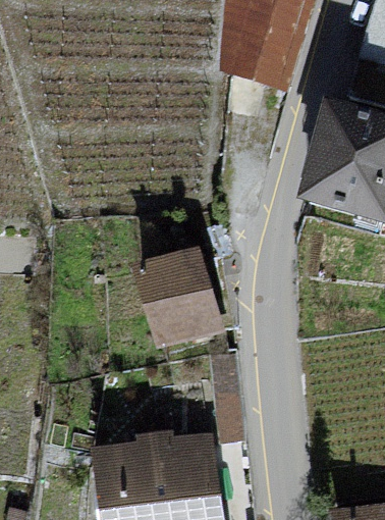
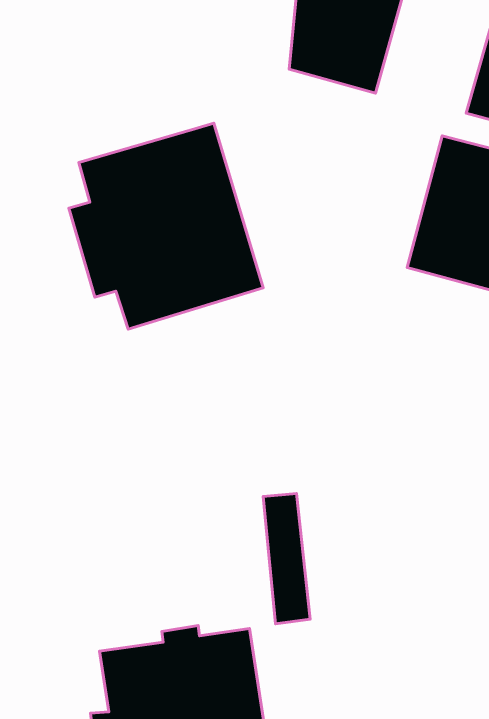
building: none -> [69,123,263,329]
building: [141,251,212,336] -> none

